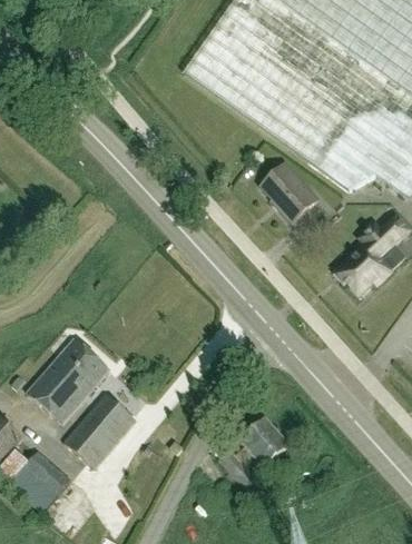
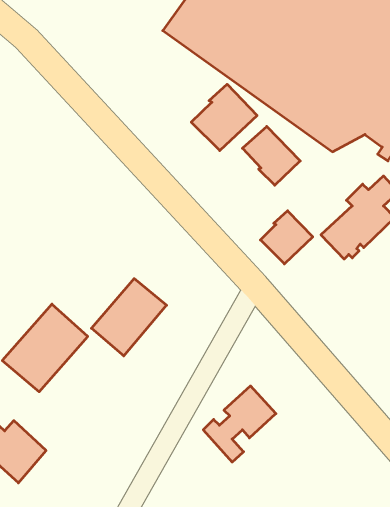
building: none -> [191,84,257,151]
building: none -> [260,211,313,264]
building: [65,392,137,466] -> [91,279,167,356]

